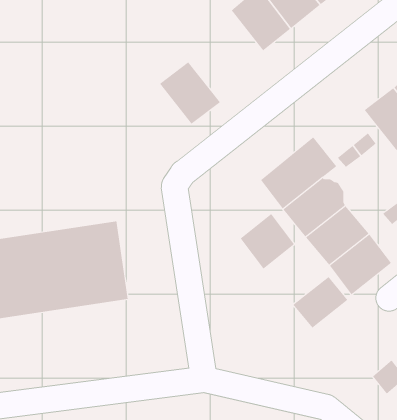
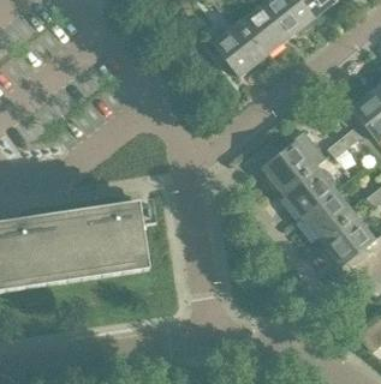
building: [159,61,221,124] -> [212,22,264,76]
building: [240,213,295,269] -> none
building: [293,276,348,329] -> none

